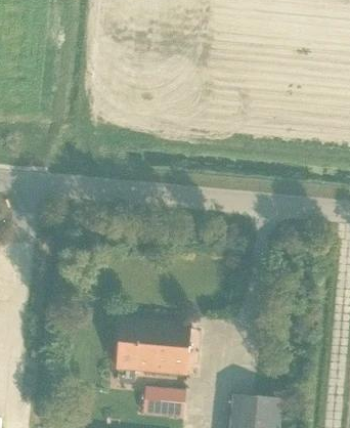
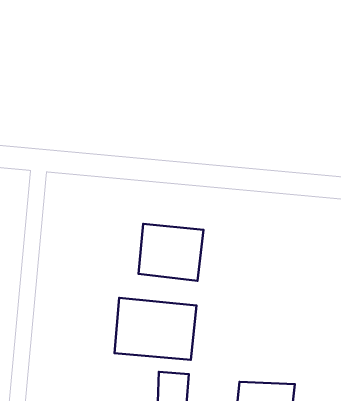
building: none -> [138,224,203,281]

